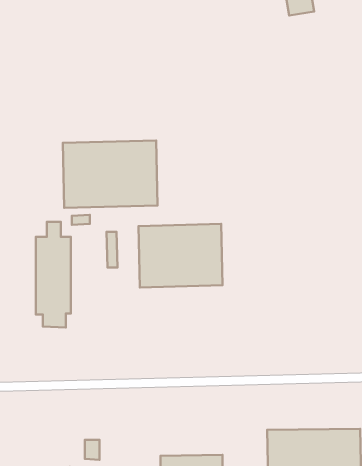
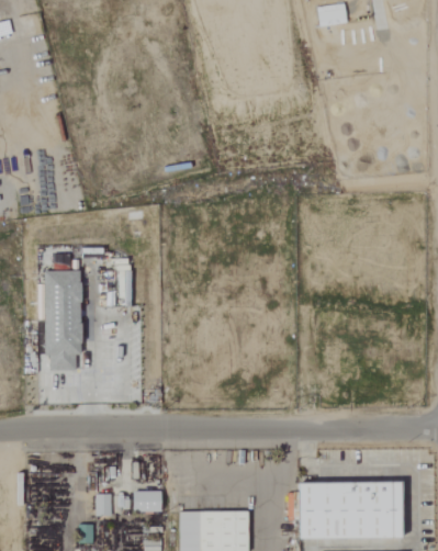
building: [63,140,158,208] -> none
building: [139,224,223,287] -> none
building: none -> [133,491,162,511]

